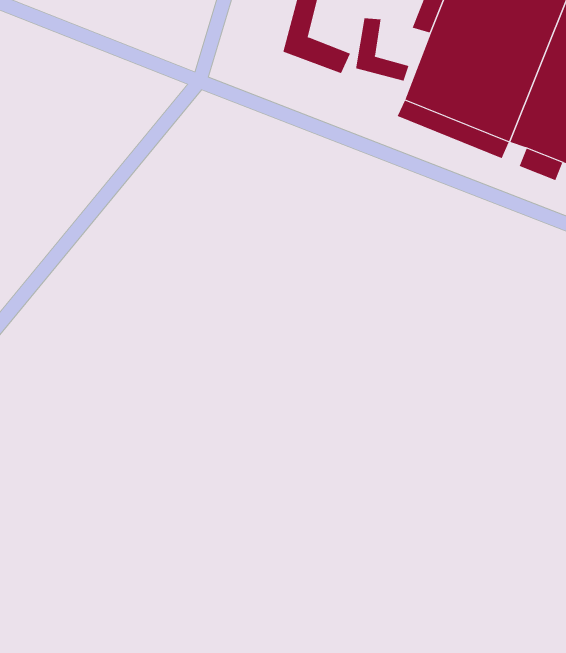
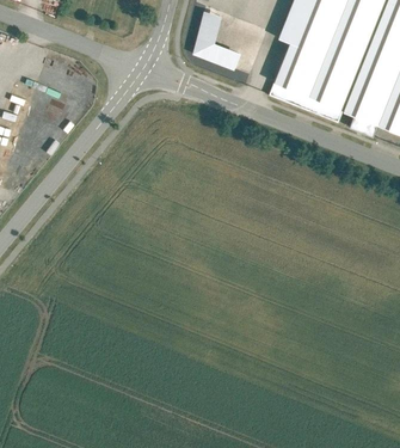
building: [355,18,409,82] -> none

